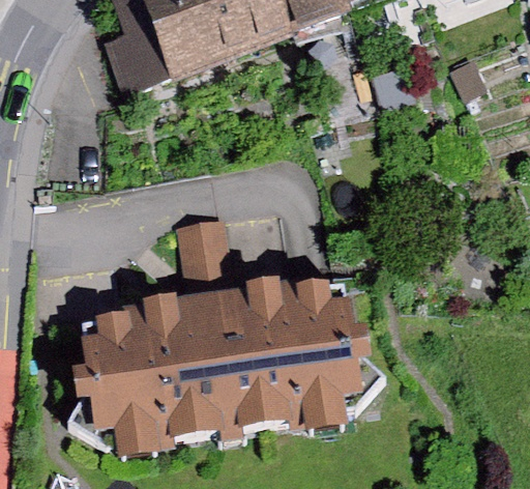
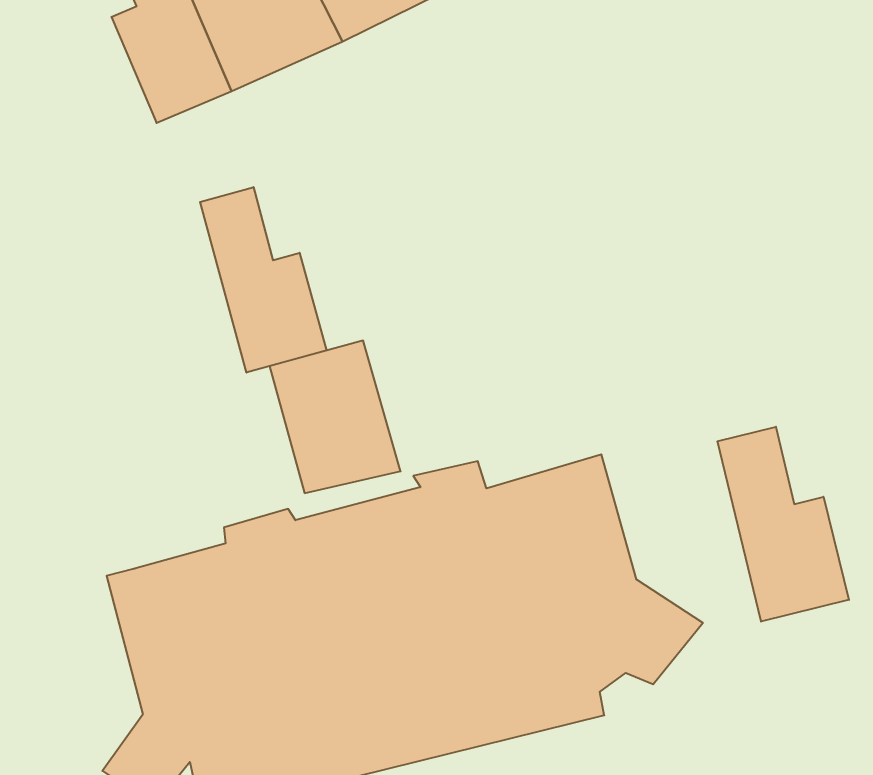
building: none -> [200,187,327,373]
building: none -> [717,427,849,622]

